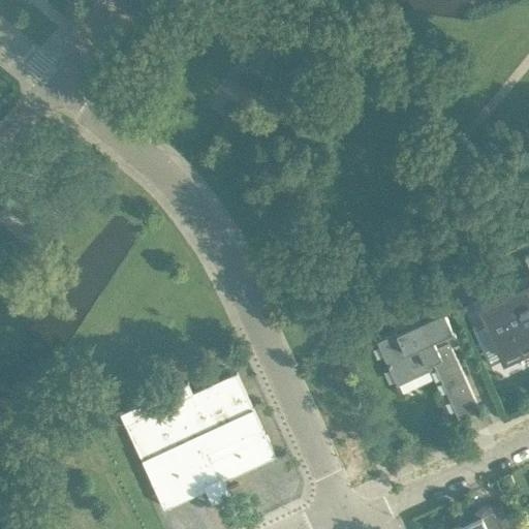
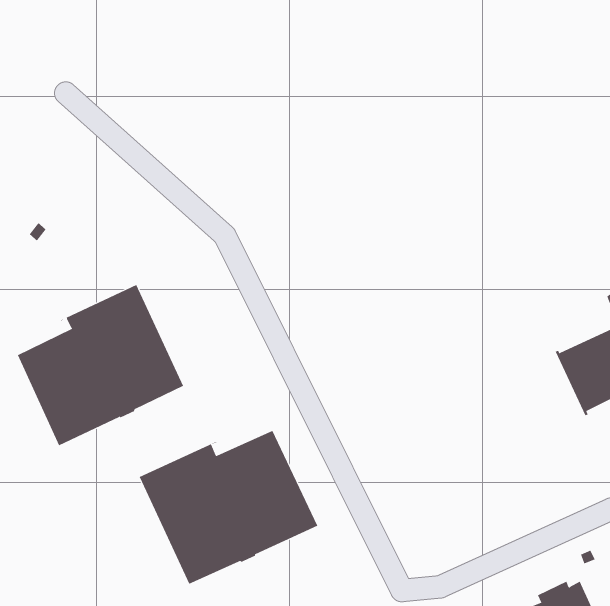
building: none -> [17,284,184,446]
building: [377,313,478,421] -> none

